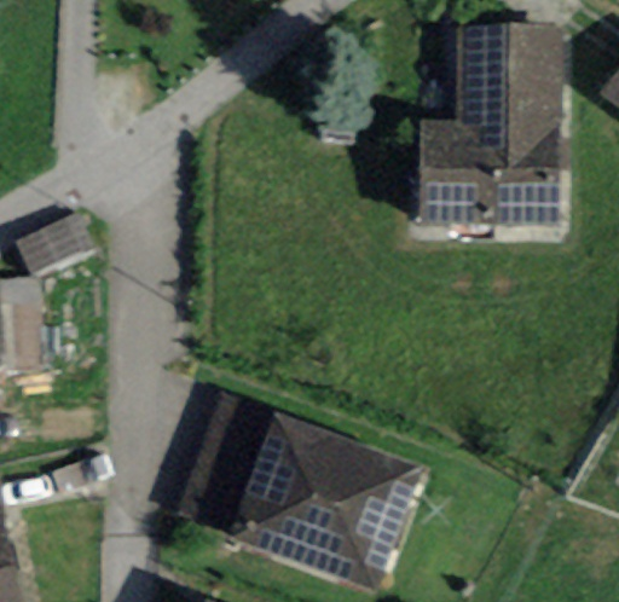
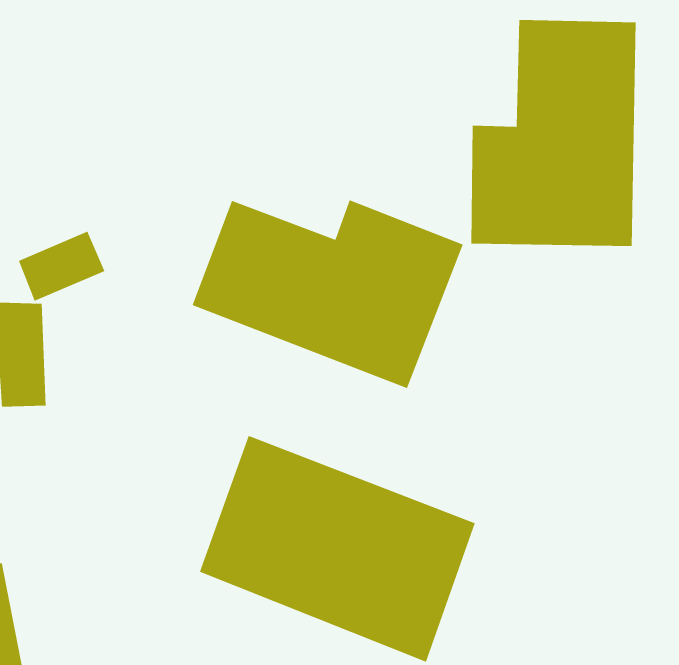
building: none -> [191,199,464,389]

